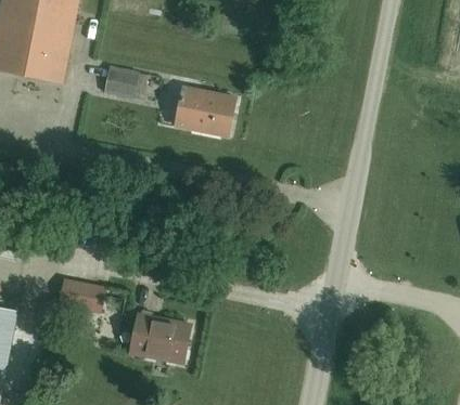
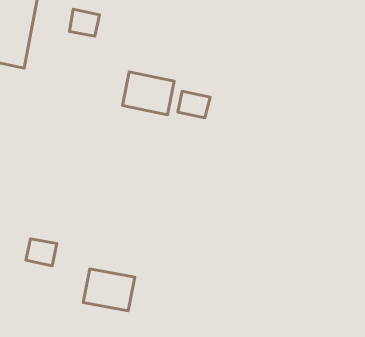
building: [103,66,138,97] -> [70,9,100,36]
building: none -> [178,91,210,118]

